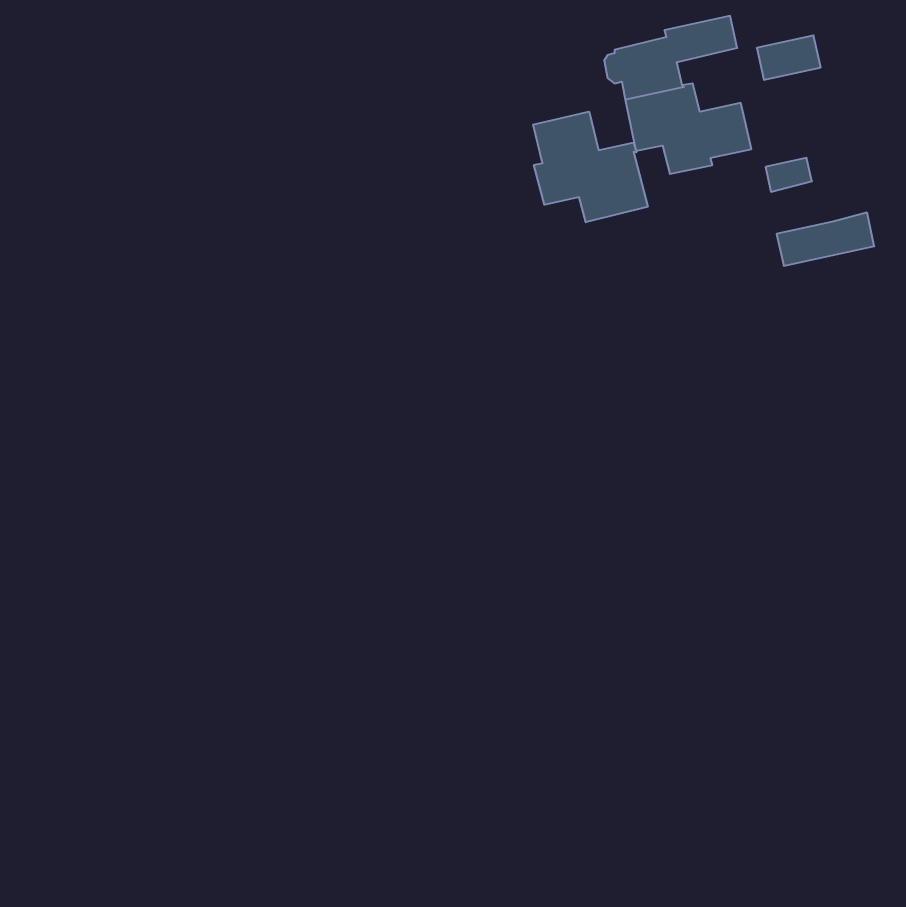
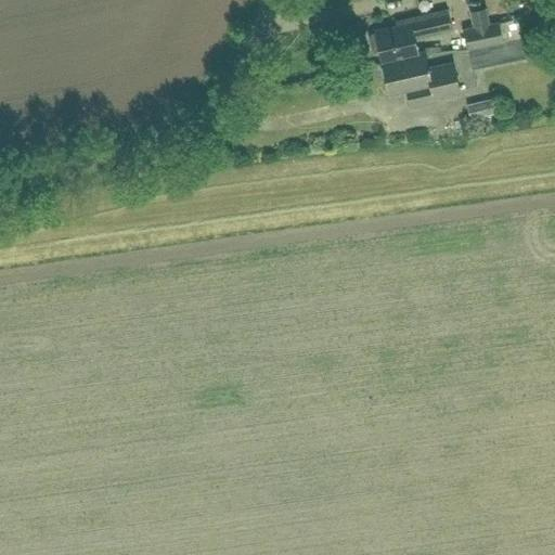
building: [533,112,648,222] -> none
building: [777,213,874,266] -> [466,36,526,68]

